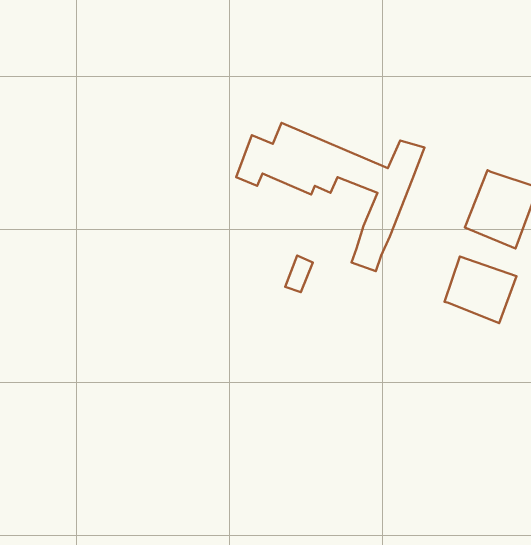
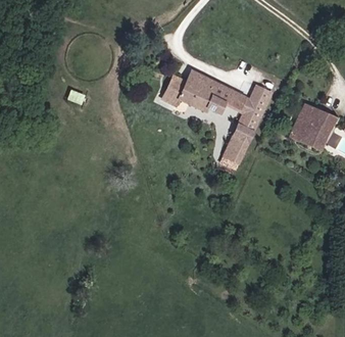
building: [444,257,517,323] -> none

